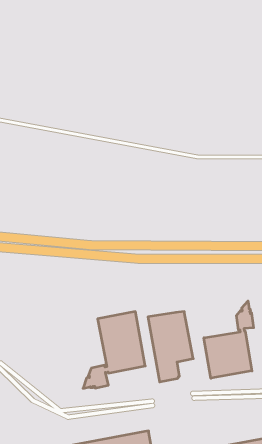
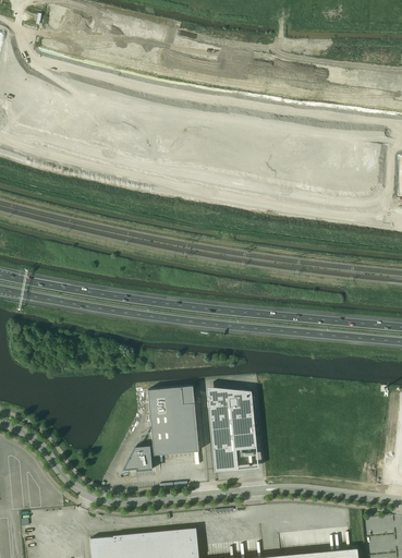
building: [204,301,254,378] -> none

